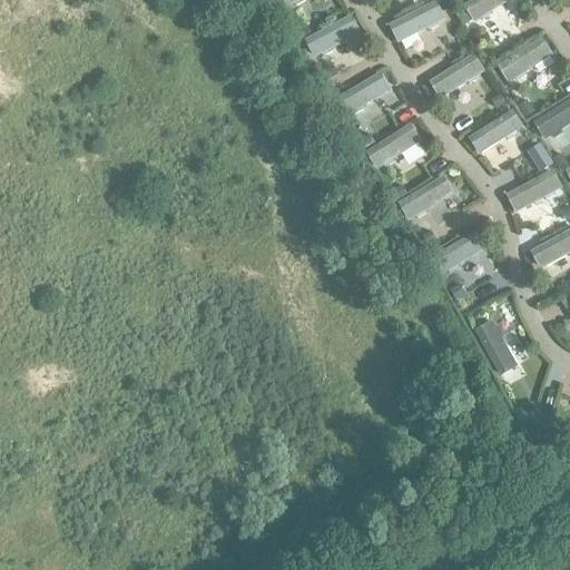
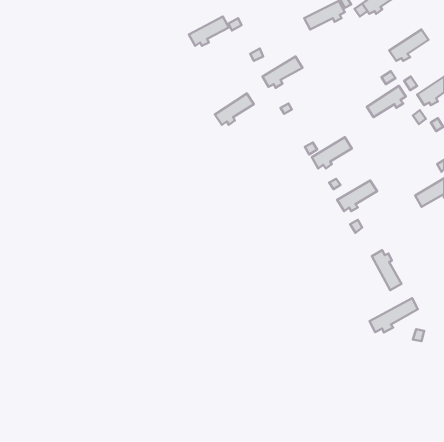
building: [306,16,357,53] -> [189,16,229,46]
building: [431,55,481,95] -> none
building: [367,125,417,165] -> [215,94,254,125]
building: [508,170,559,208] -> none
building: none -> [370,298,418,332]

